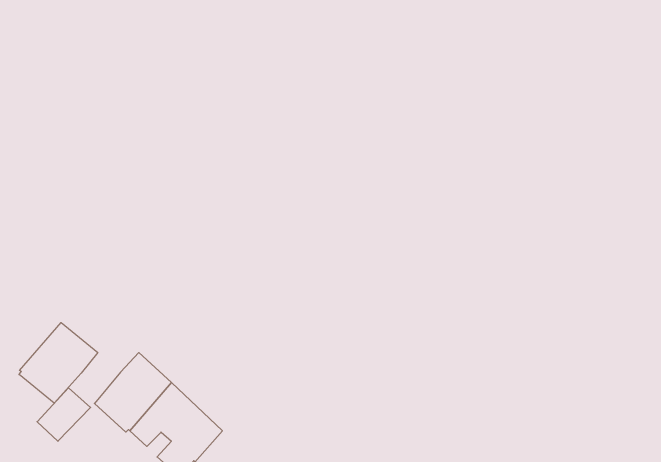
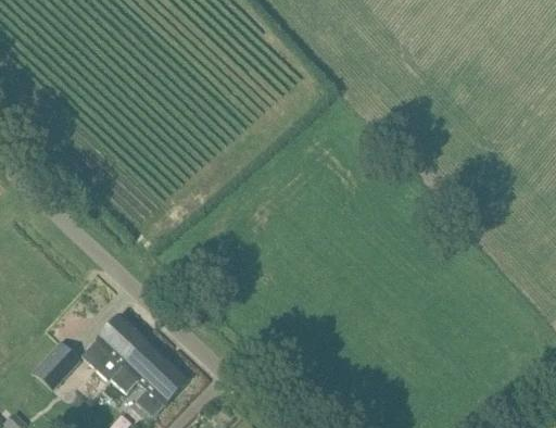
building: [19,323,98,403] -> none

